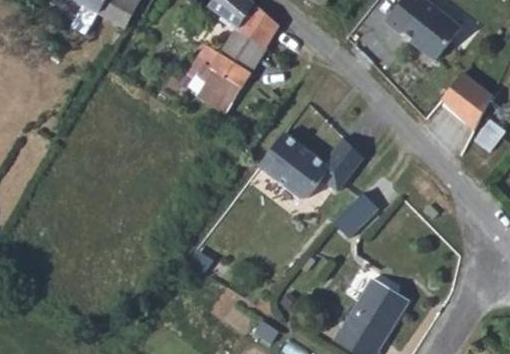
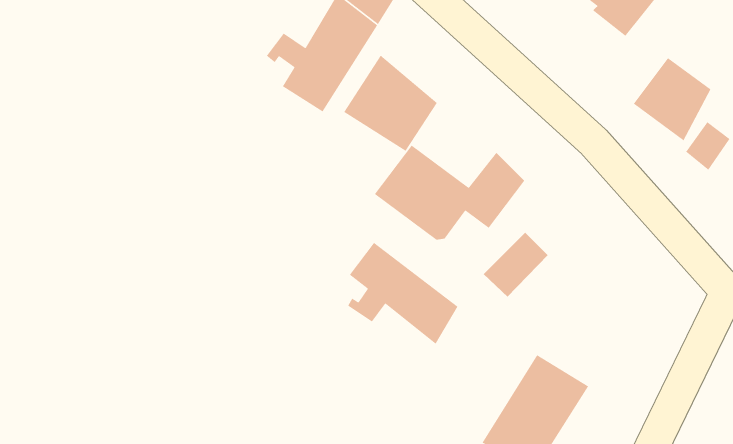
building: none -> [343,54,438,152]
building: none -> [347,242,458,345]

